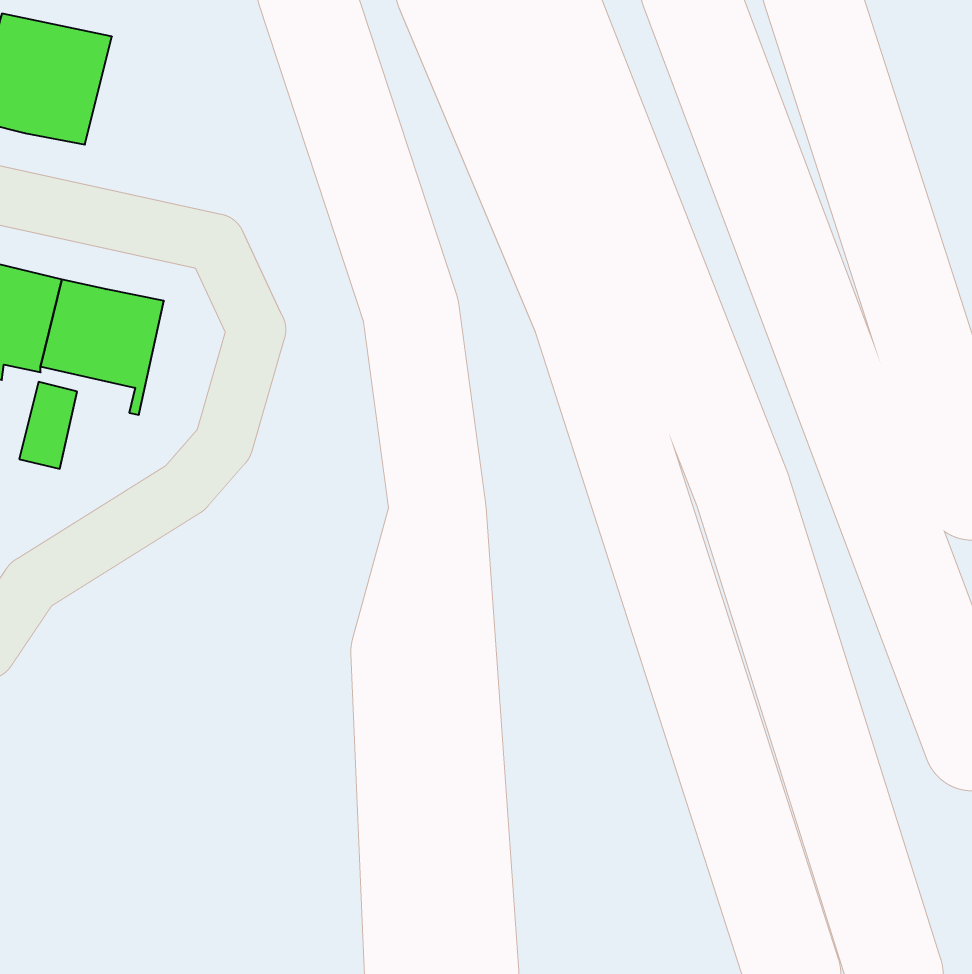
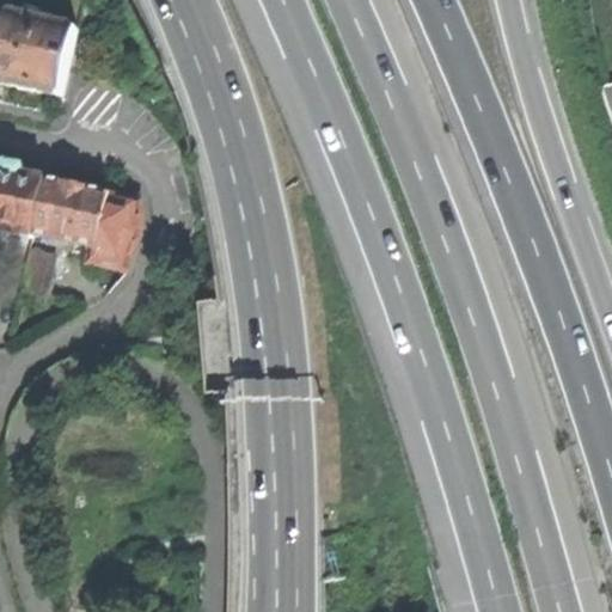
building: none -> [86,186,136,262]

